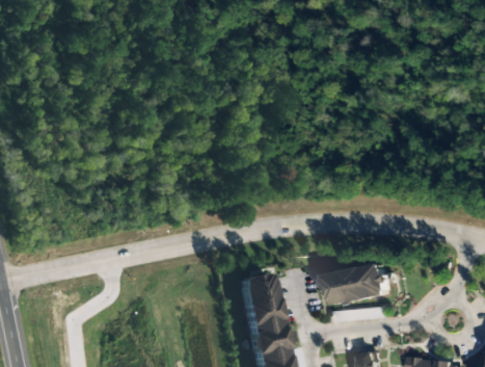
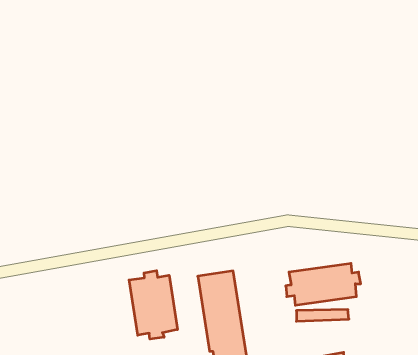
building: none -> [129,271,177,339]

